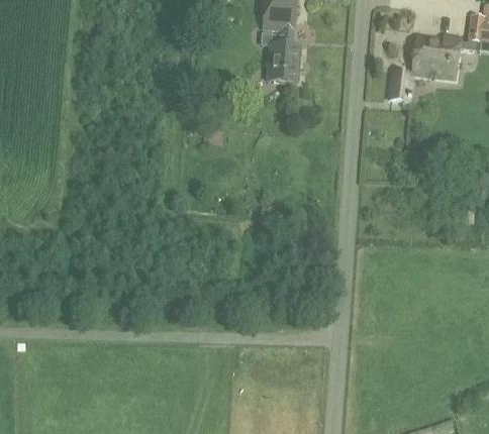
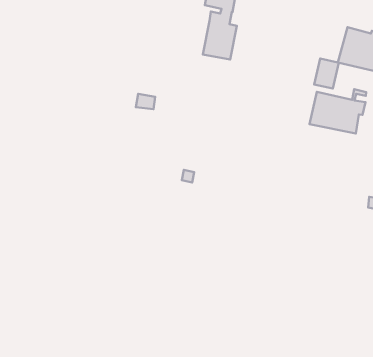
building: none -> [309,89,366,134]

